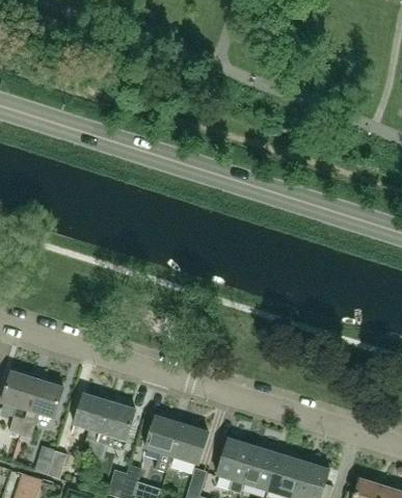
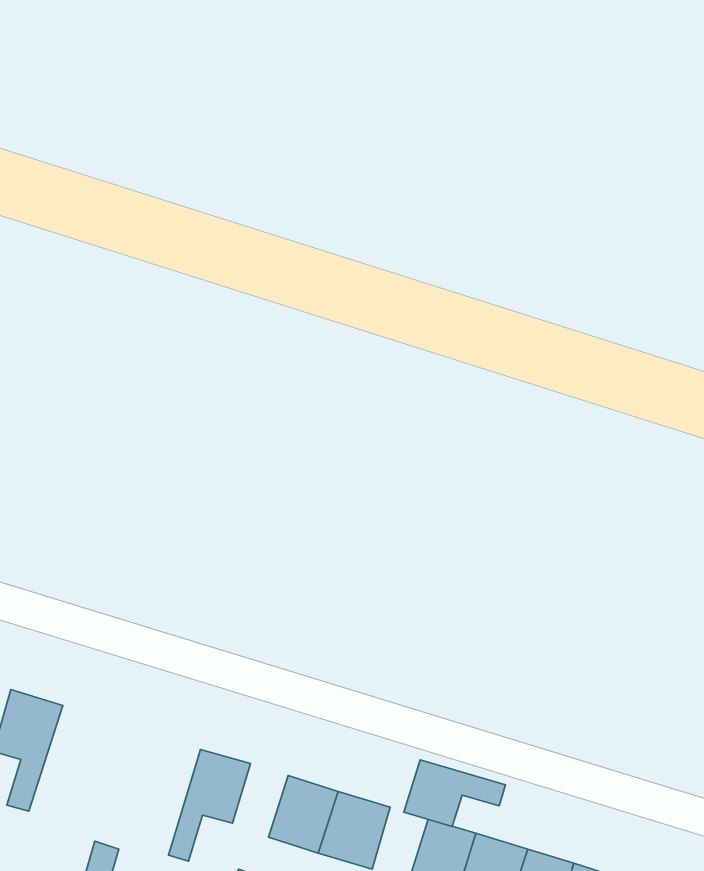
building: [20,378,63,437] -> none
building: [73,393,109,456] -> none
building: none -> [404,760,505,826]

